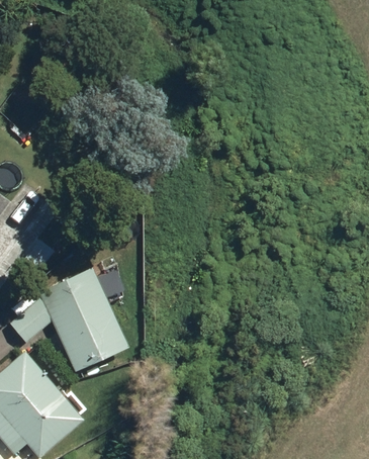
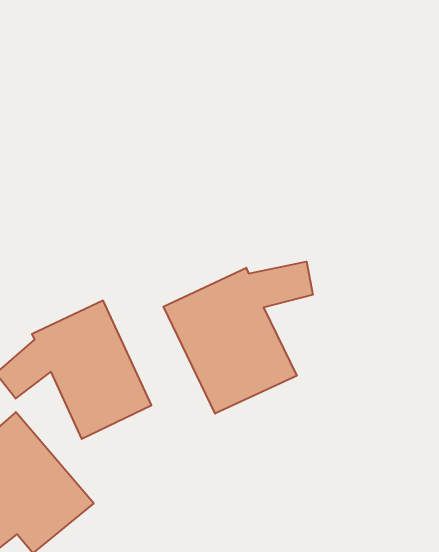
building: none -> [164,262,313,414]

